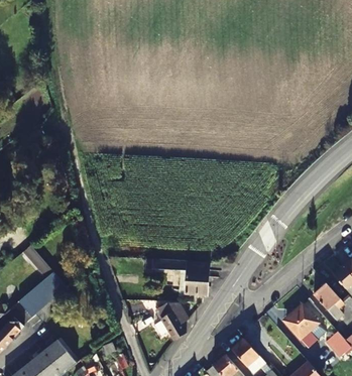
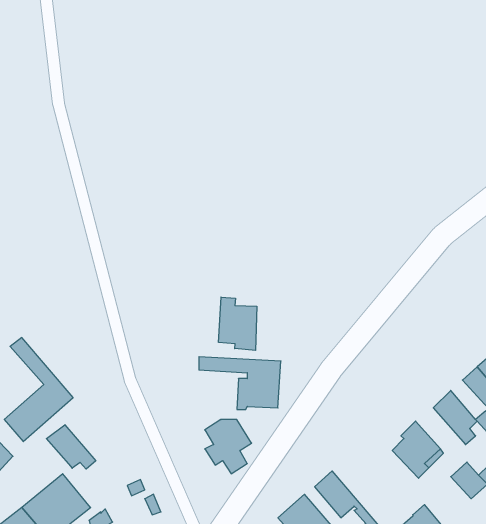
building: none -> [219,297,257,350]
building: none -> [46,425,96,469]

